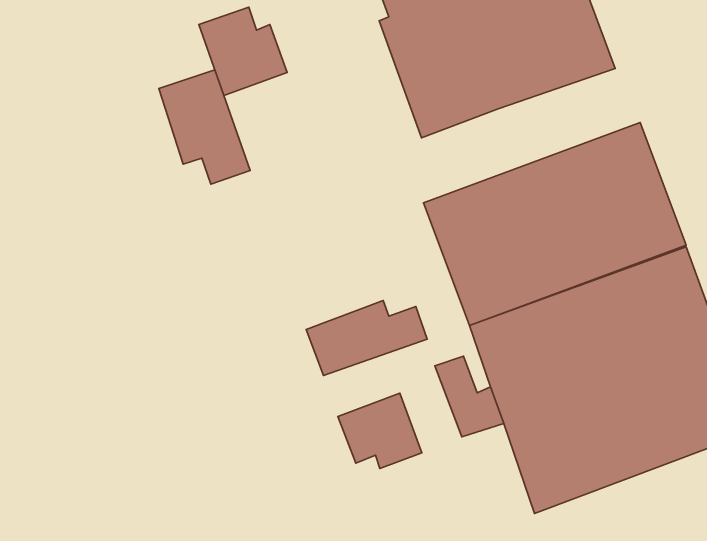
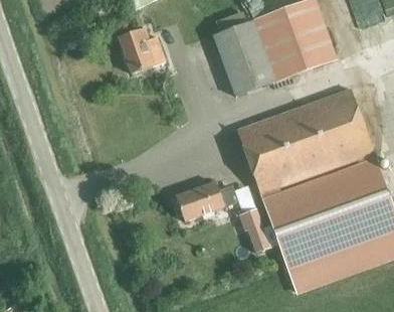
building: [159,70,250,184] -> none
building: [338,393,422,468] -> none

